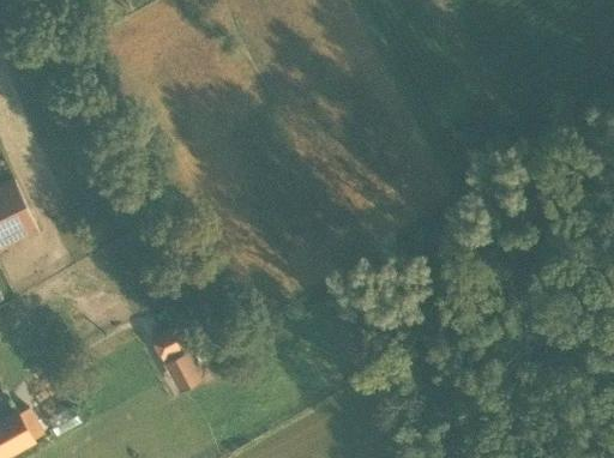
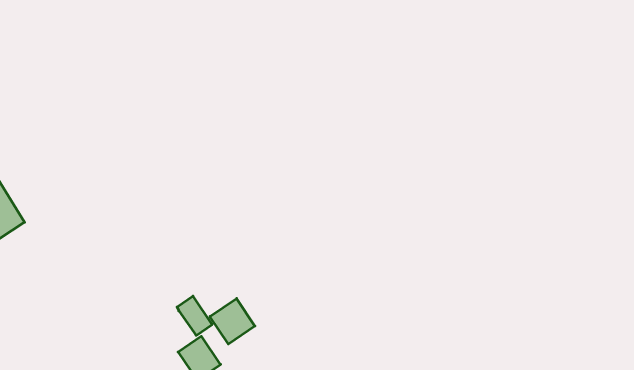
building: none -> [210,298,255,344]

